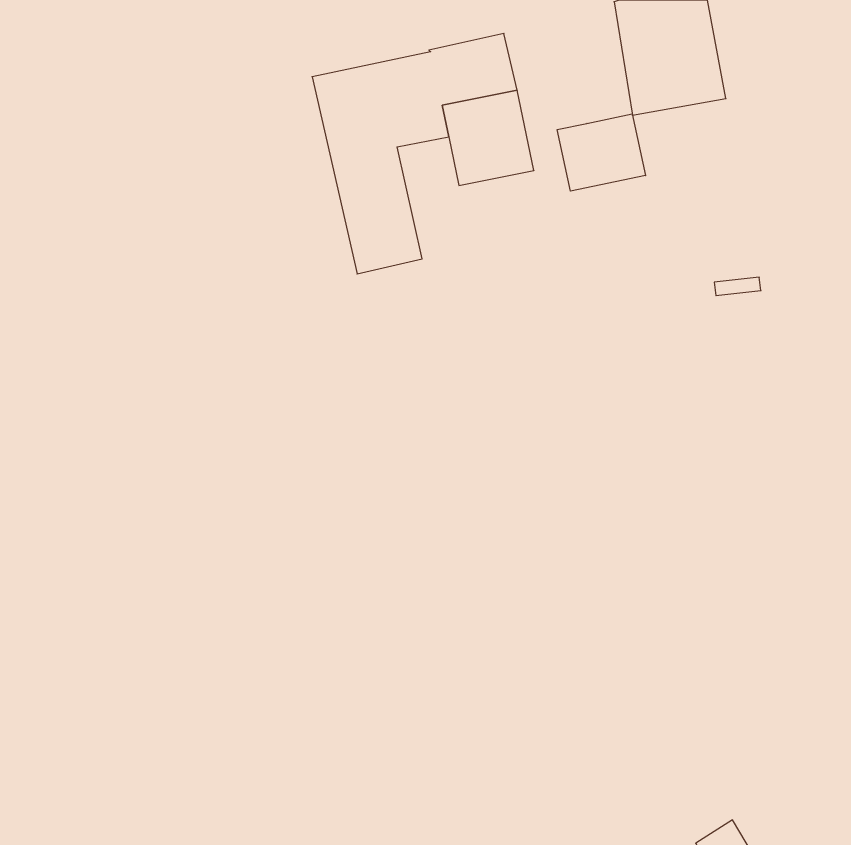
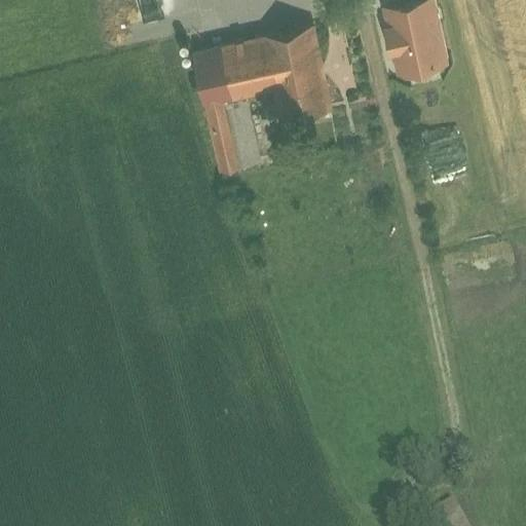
building: [557,114,646,191] -> none

